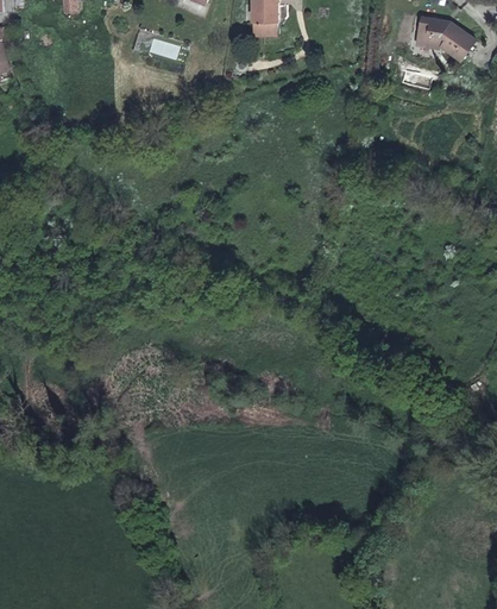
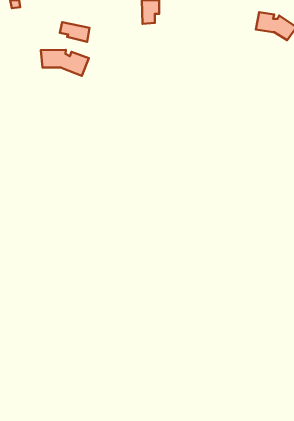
building: none -> [41,50,89,76]

